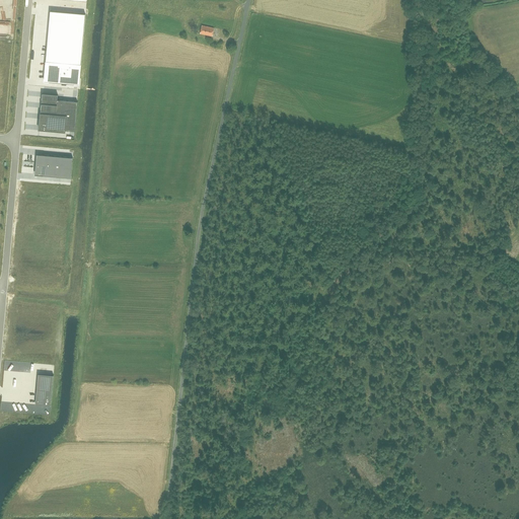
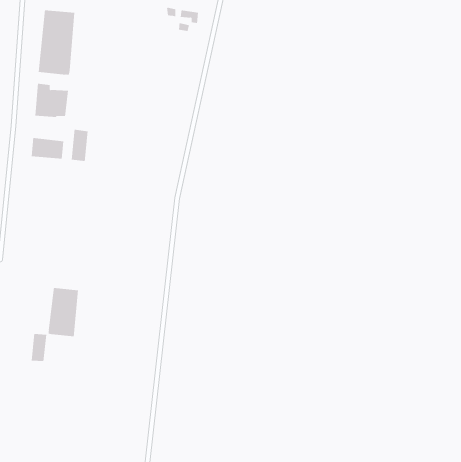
building: none -> [71,129,88,162]
building: none -> [48,287,79,337]

